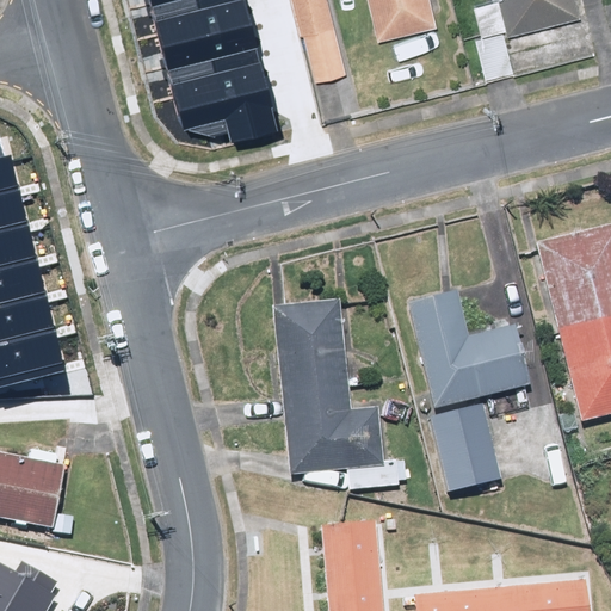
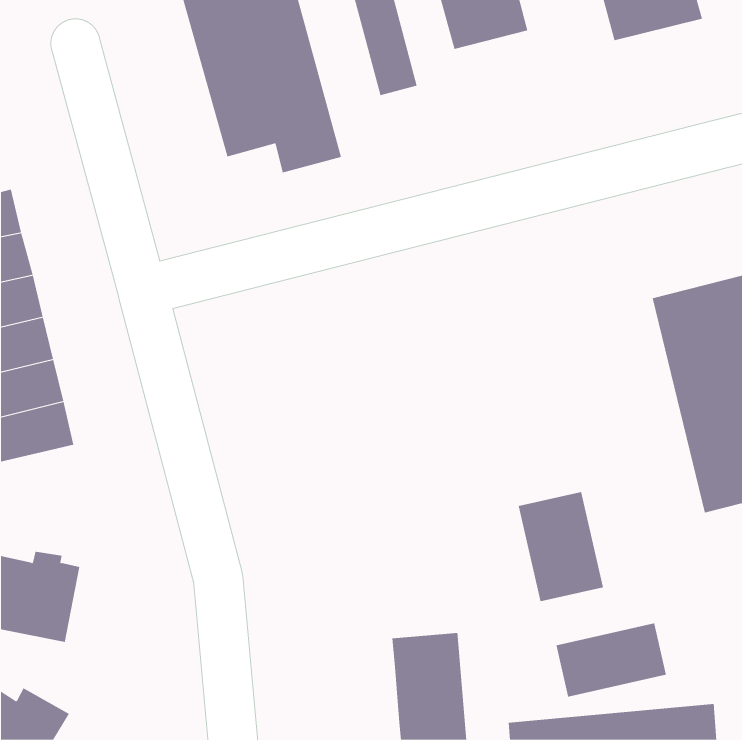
building: [406,296,529,408] -> none
building: [270,300,408,490] -> none
building: none -> [556,622,666,698]

